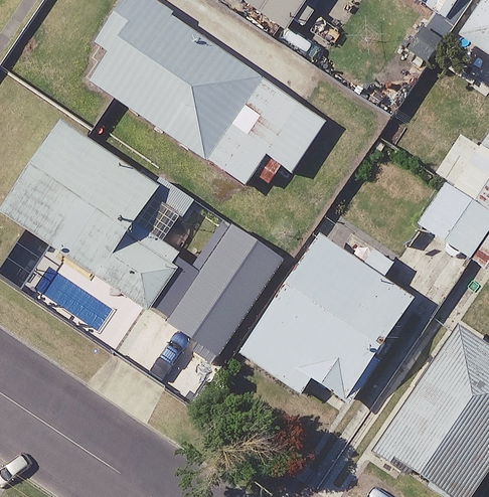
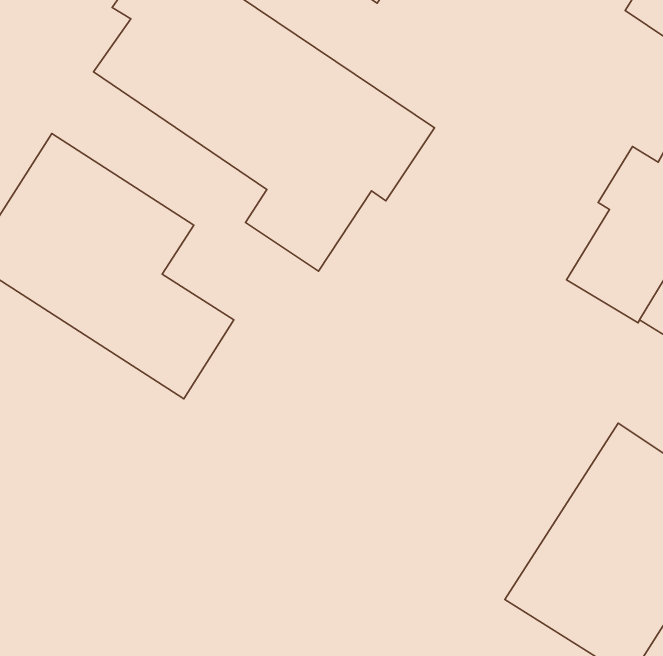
building: [170,226,281,353] -> none
building: [240,232,411,401] -> none

